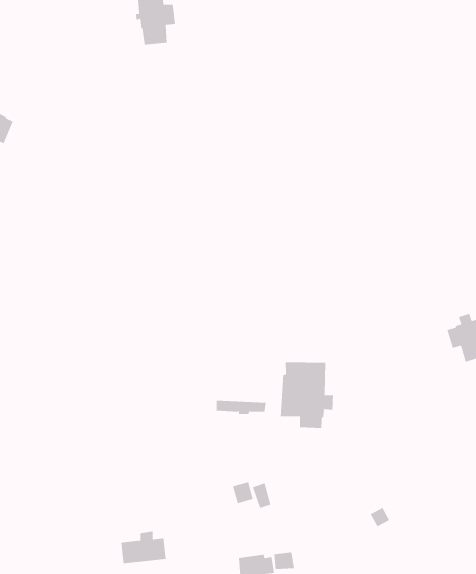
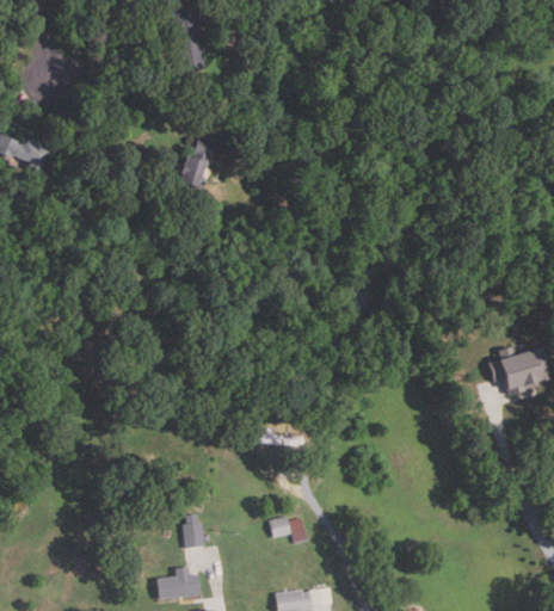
building: none -> [178,137,216,190]
building: [280,362,334,429] -> none
building: none -> [183,513,205,548]

